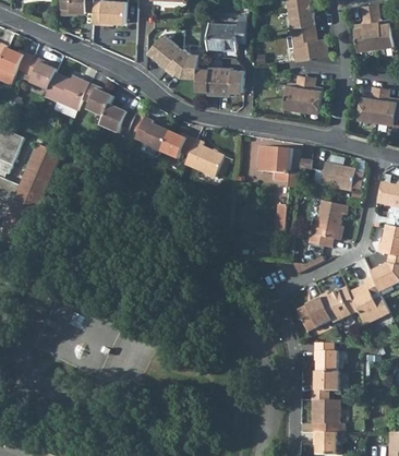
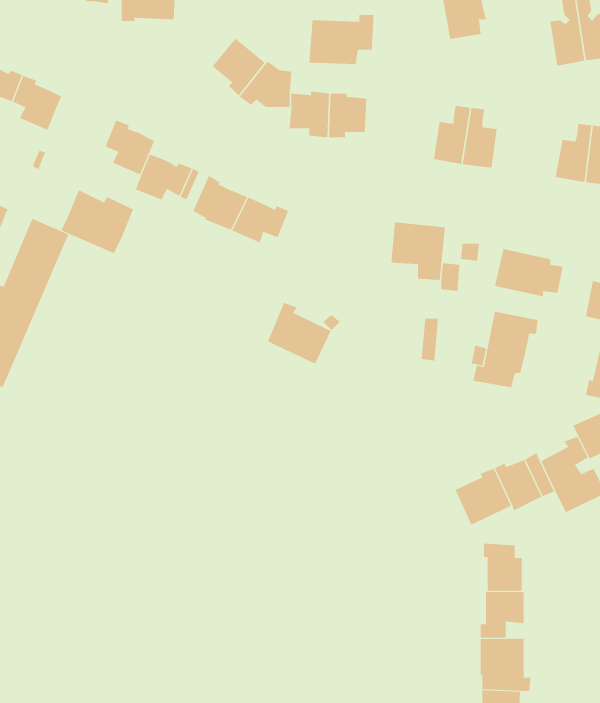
building: [285,32,327,61] -> none
building: [44,72,88,111] -> [61,189,134,254]
building: [184,140,223,178] -> [267,302,332,365]

